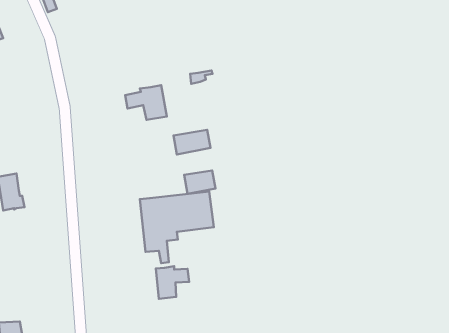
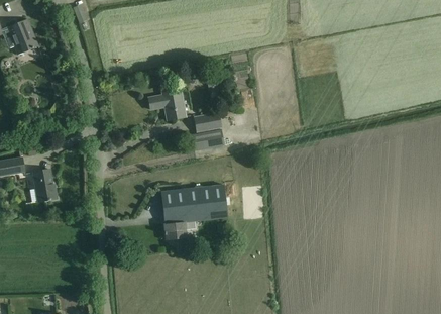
building: [184,170,215,194] -> [194,112,222,133]
building: [156,266,189,299] -> none

